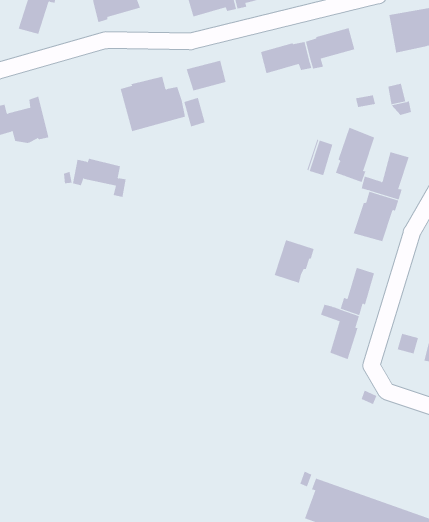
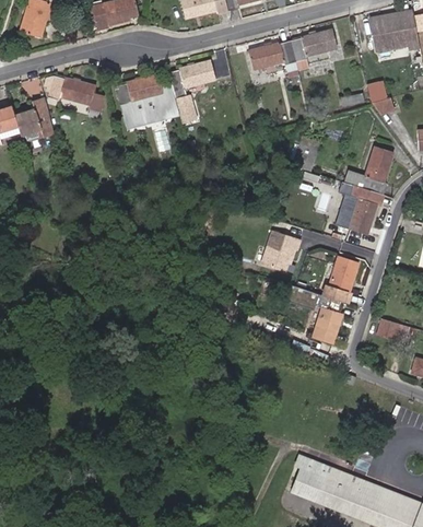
building: [335,127,375,183] -> none
building: [72,158,127,198] -> [50,79,102,116]

